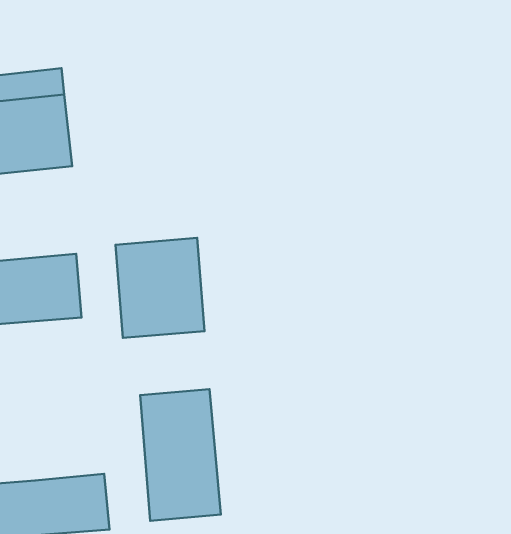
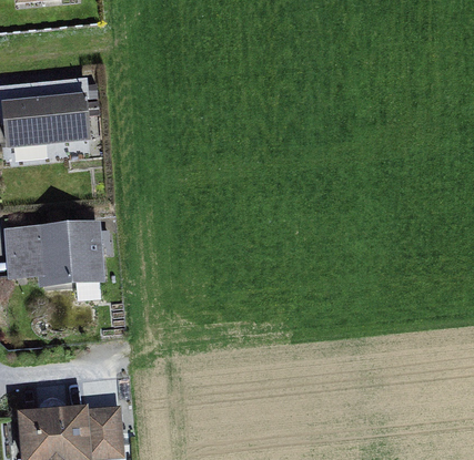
building: [115,238,205,338] -> none
building: [140,389,221,521] -> none

